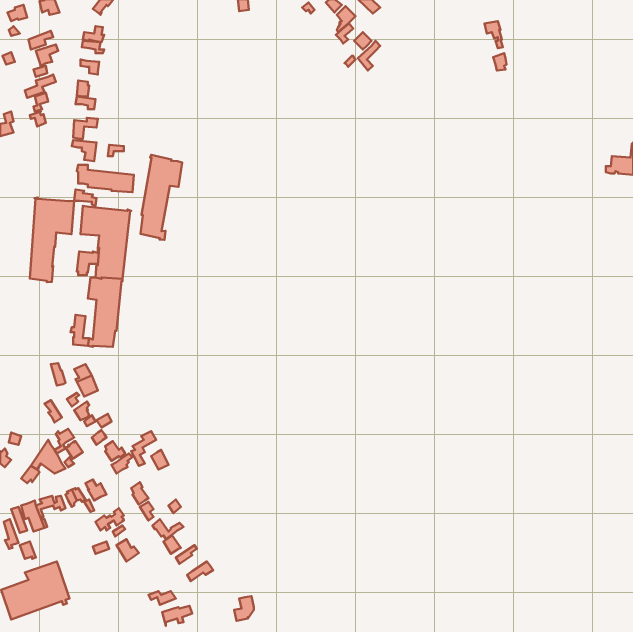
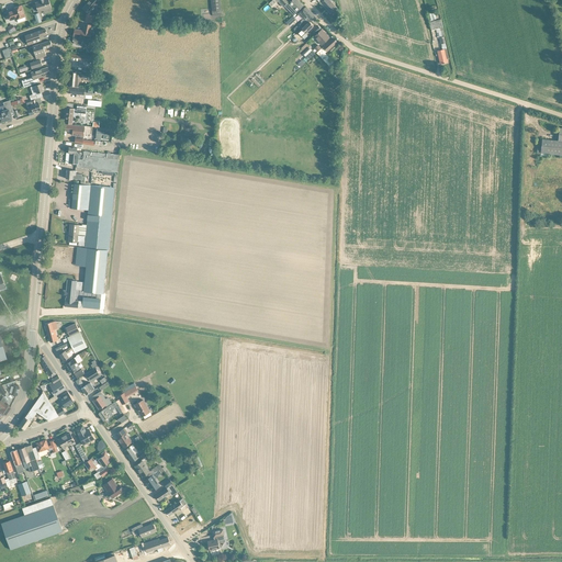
building: [140,155,182,240] -> none
building: [30,197,74,282] -> none

